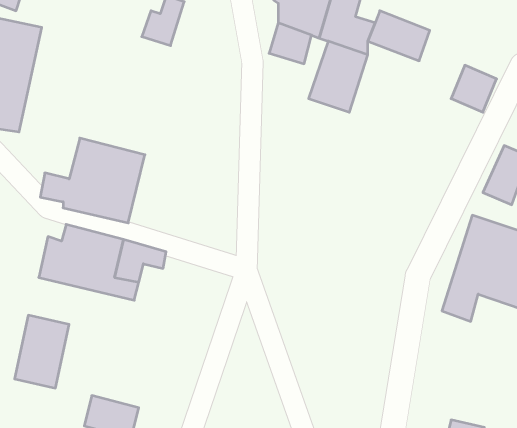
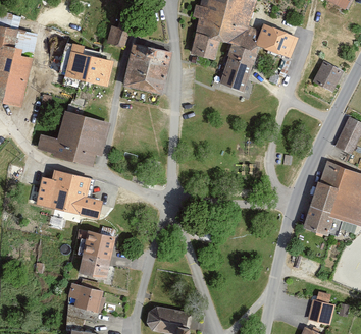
building: none -> [125,46,169,95]
building: none -> [56,49,111,88]
building: [15,315,69,388] -> [78,230,114,279]

